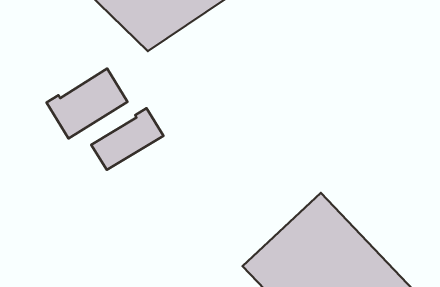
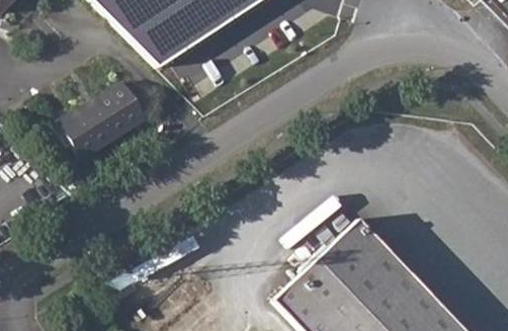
building: [91,108,163,170] -> none

